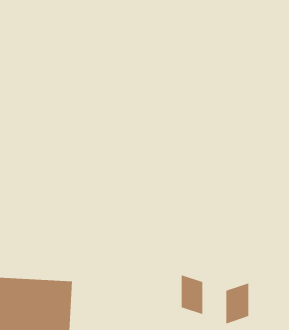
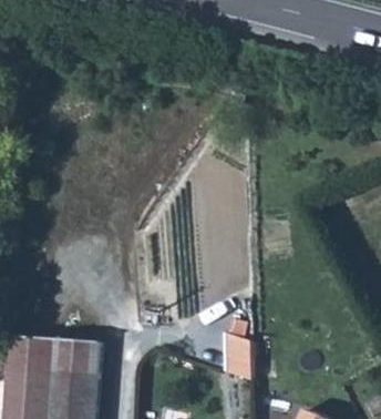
building: [226,282,249,324] -> none

